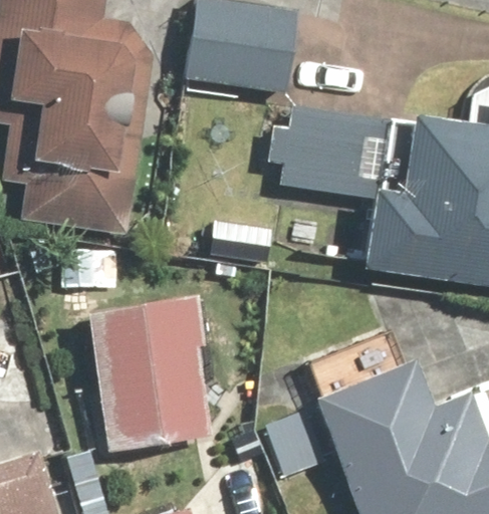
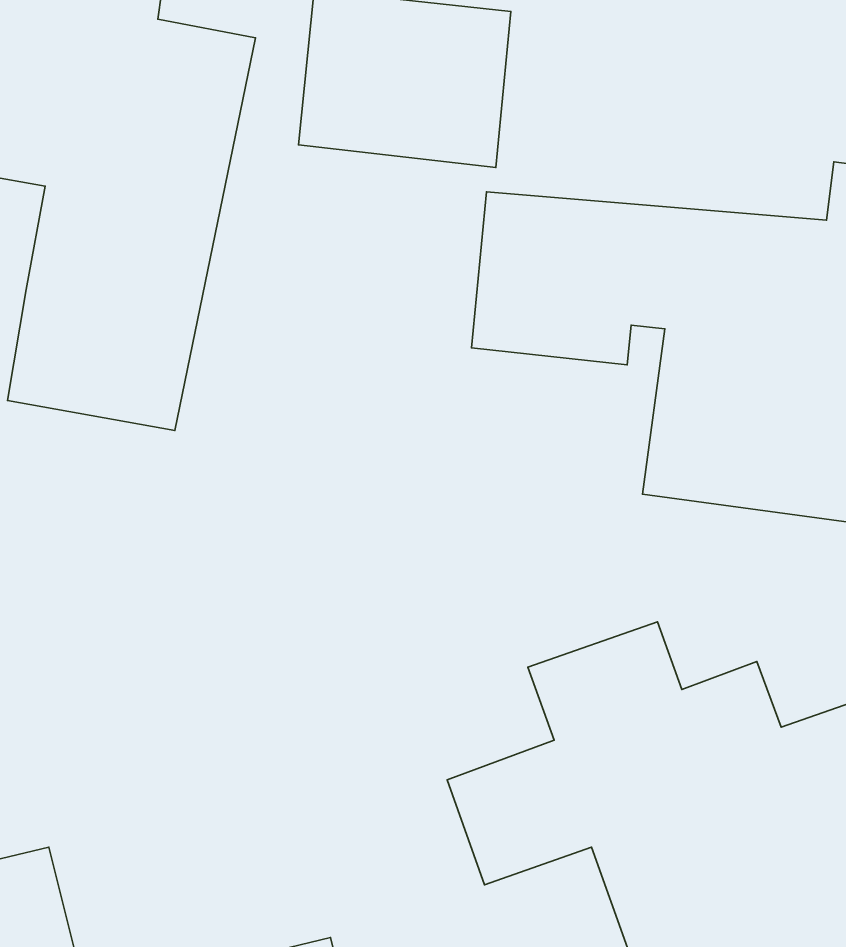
building: [86,290,225,453] -> none

